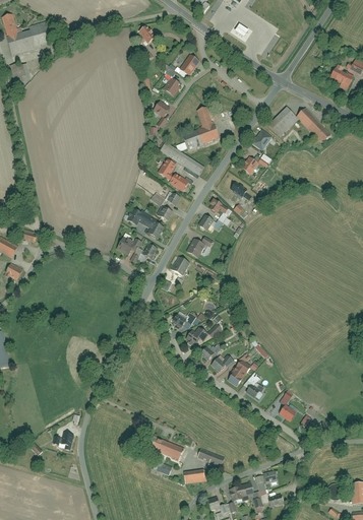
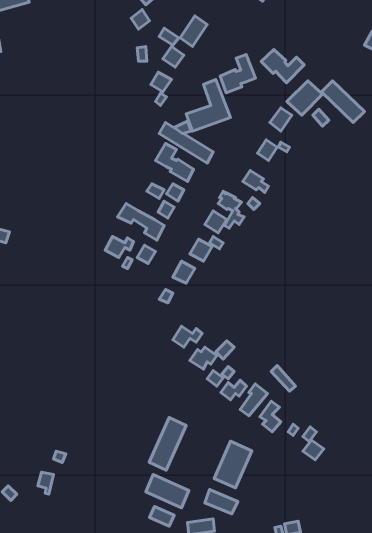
building: none -> [261,50,304,83]
building: none -> [220,54,256,93]
building: none -> [149,417,186,470]
building: none -> [214,441,252,488]

